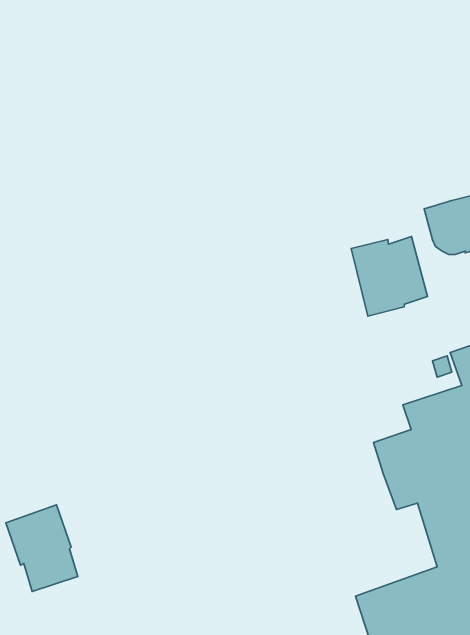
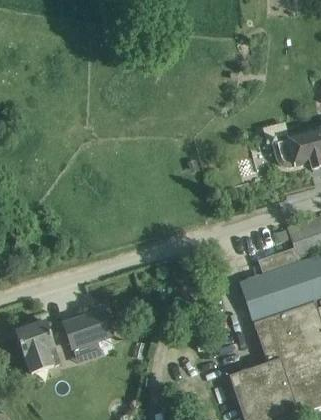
building: [351,237,427,316] -> none
building: none -> [63,308,111,363]

